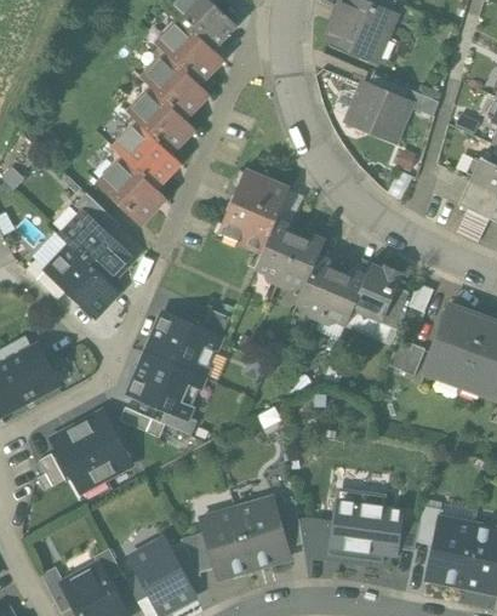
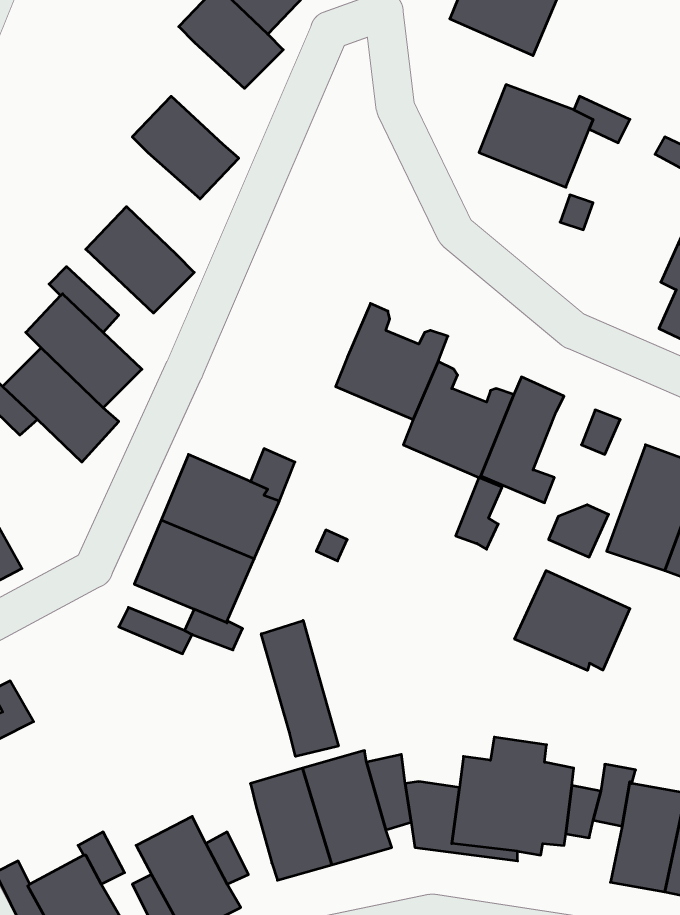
building: [142,53,207,118] -> none
building: [113,122,179,187] -> none
building: [217,170,289,251] -> none
building: [378,285,407,330] -> [456,478,502,549]
building: none -> [515,571,630,670]
building: [53,412,131,492] -> none
building: none -> [261,620,338,756]
building: [182,532,215,572] -> none

